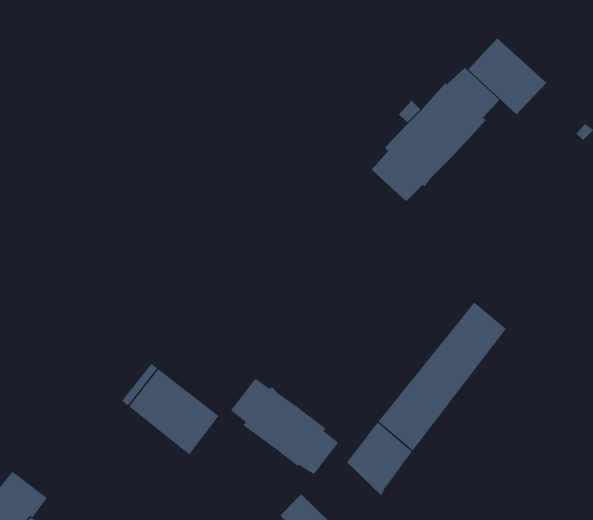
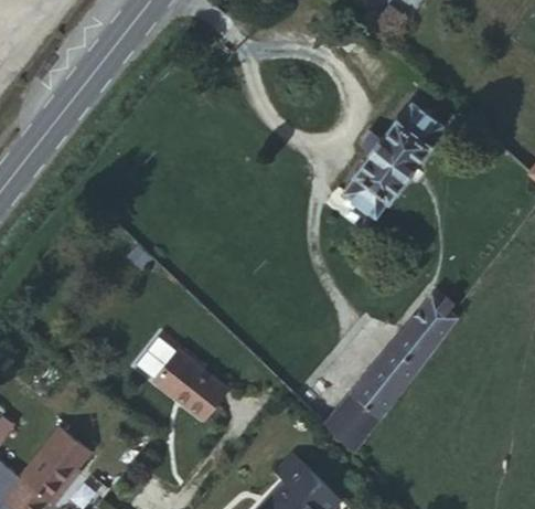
building: [468,38,547,115] -> none
building: [230,378,339,475] -> none

